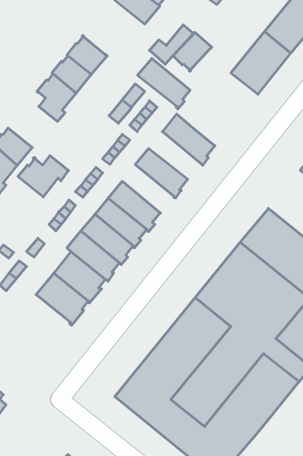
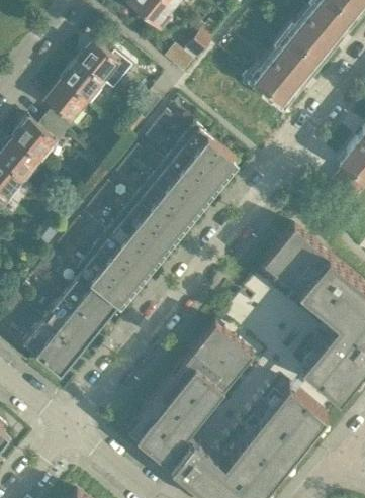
building: [173,32,212,71] -> none
building: [138,58,190,109] -> [164,145,220,200]
building: [18,156,69,197] -> [11,118,66,163]
building: none -> [135,181,191,235]
building: none -> [22,321,80,378]

